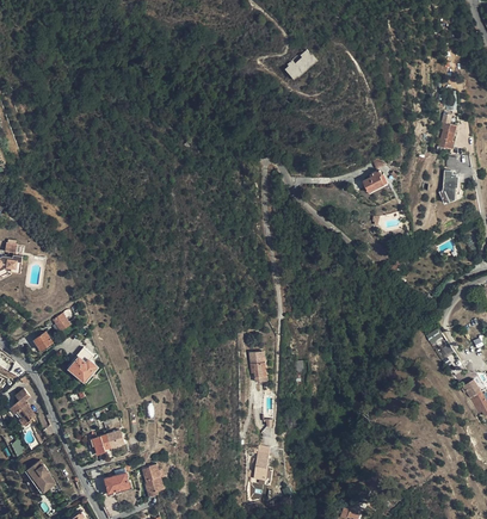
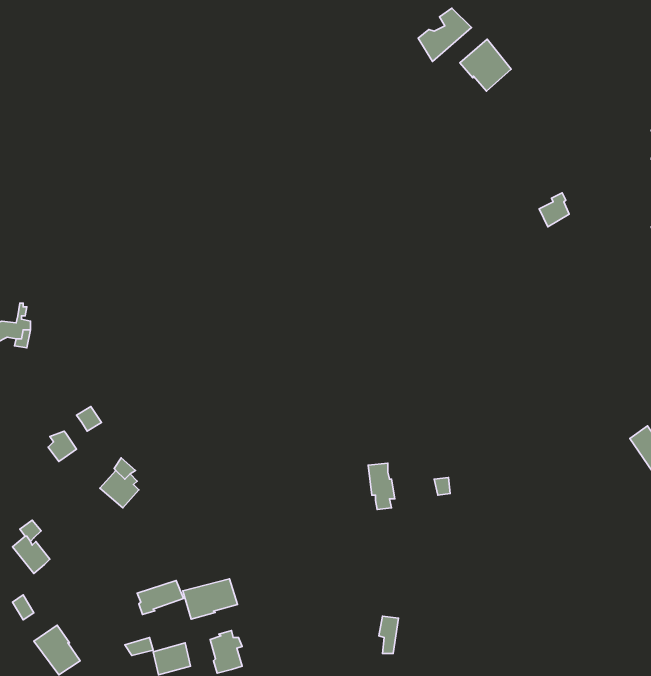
building: none -> [460,39,511,91]
building: none -> [183,579,237,619]

